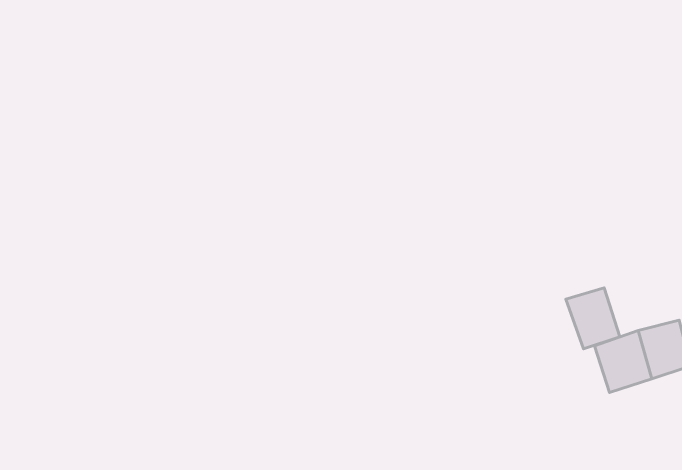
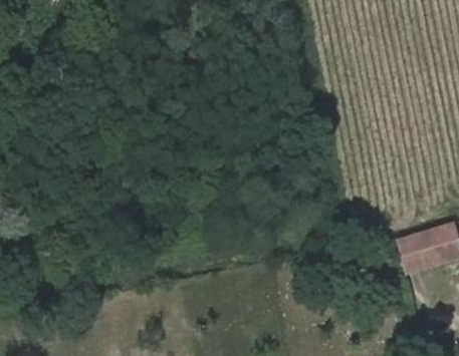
building: [566,288,620,349] -> none

